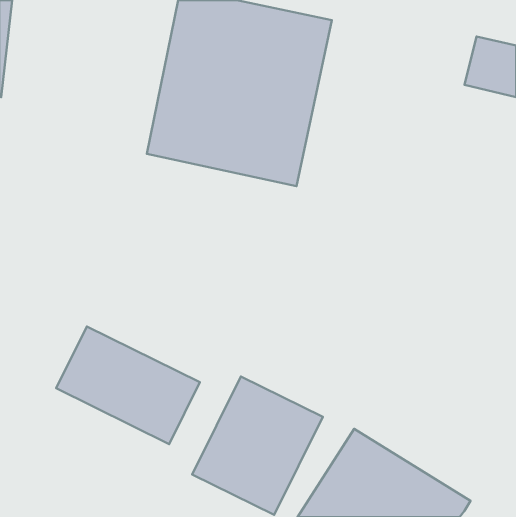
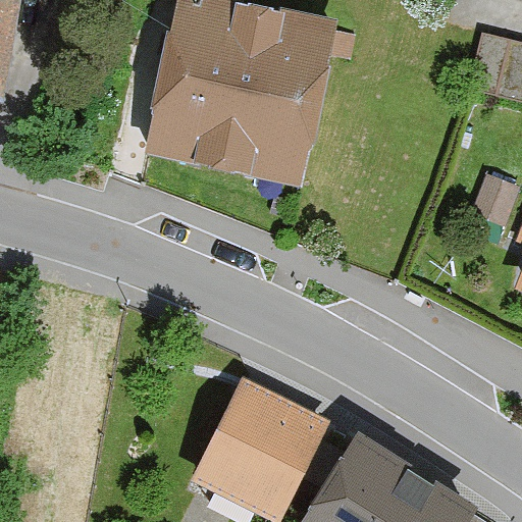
building: [56,326,200,444] -> none

